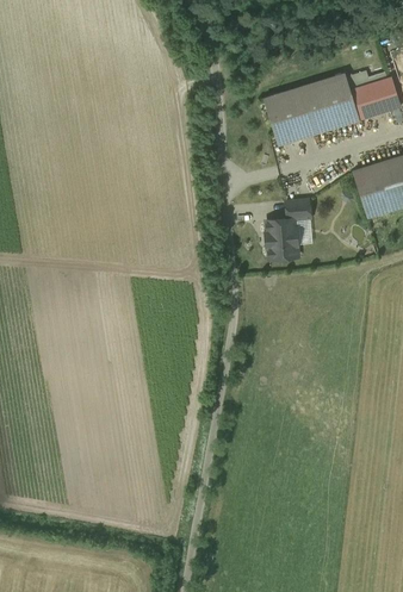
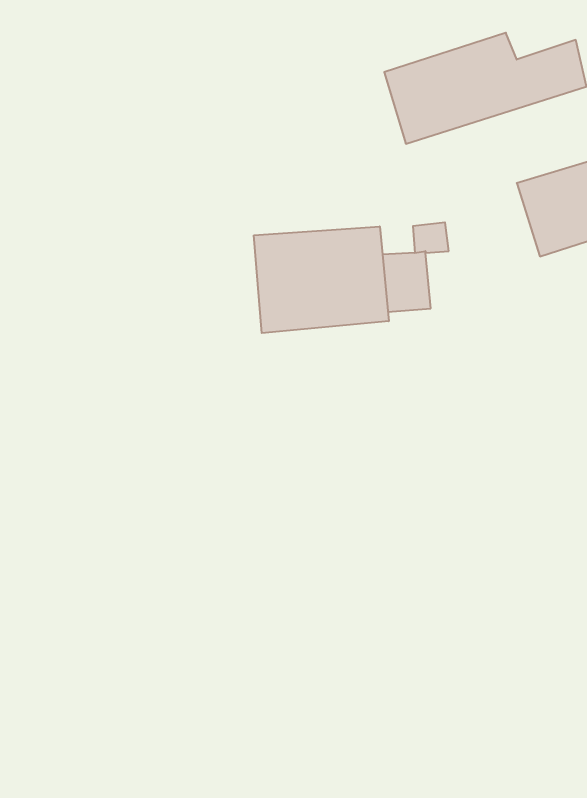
building: none -> [254,226,389,333]

